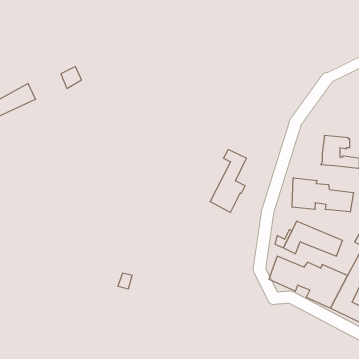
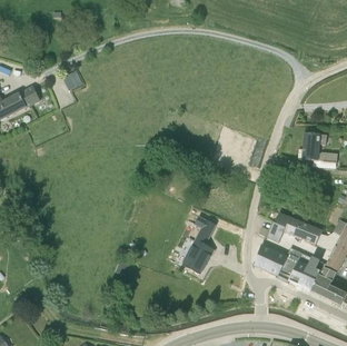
building: [210,150,246,212] -> [181,217,215,275]
building: [292,178,354,212] -> none

